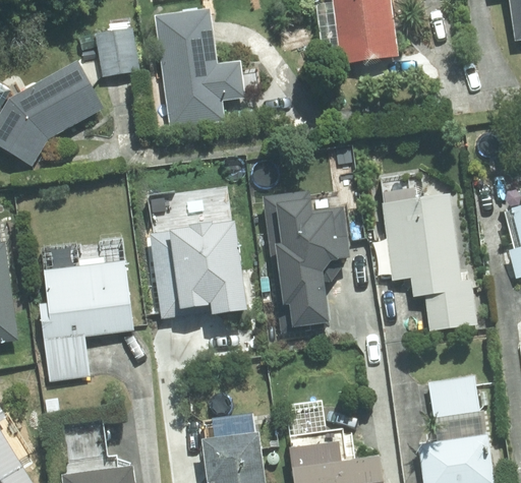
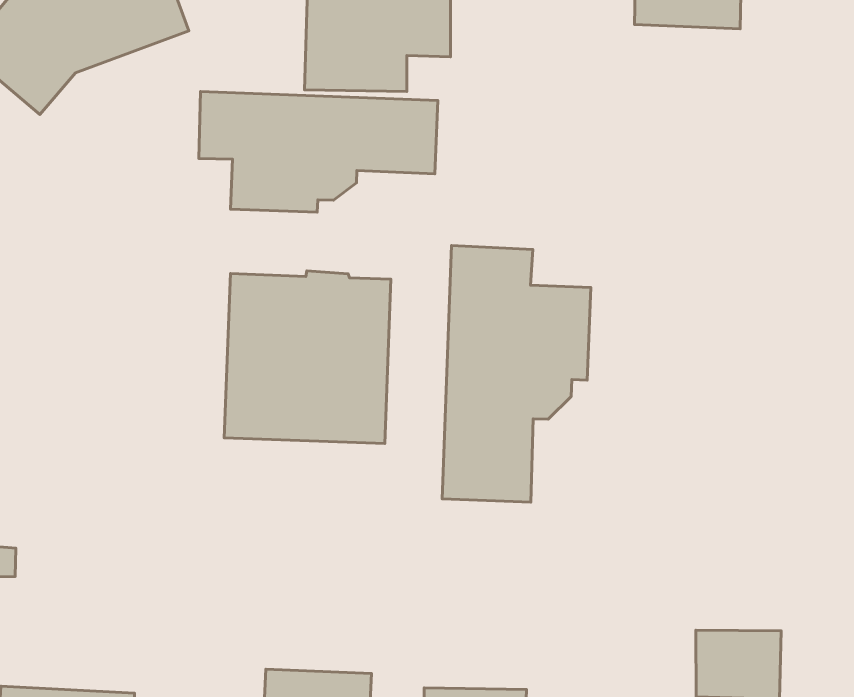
building: none -> [199,91,438,212]
building: [382,191,477,330] -> none
building: [41,259,133,378] -> none

